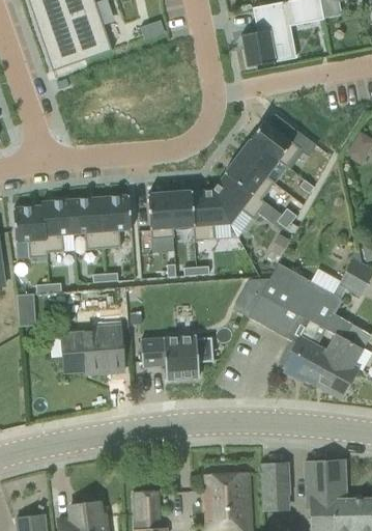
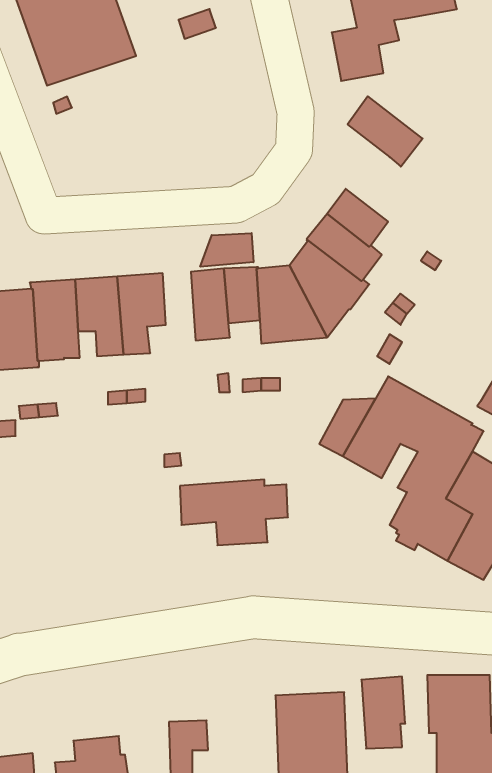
building: [251,120,301,167] -> [348,96,423,167]
building: none -> [200,233,253,267]
building: [61,324,124,373] -> none

